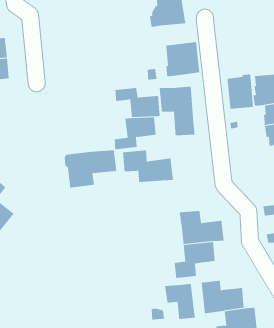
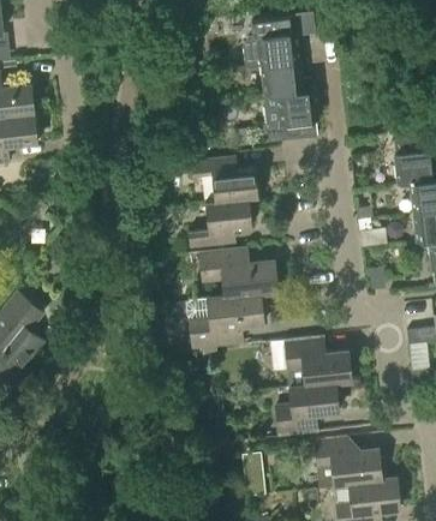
building: none -> [257,64,311,96]
building: [227,73,254,111] -> none
building: [159,86,195,136] -> none
building: [64,150,117,188] -> [185,294,263,351]
building: [165,283,196,320] -> none

